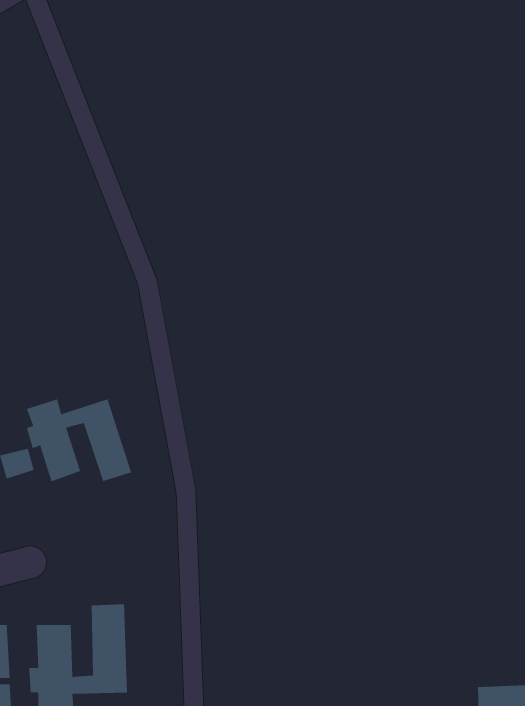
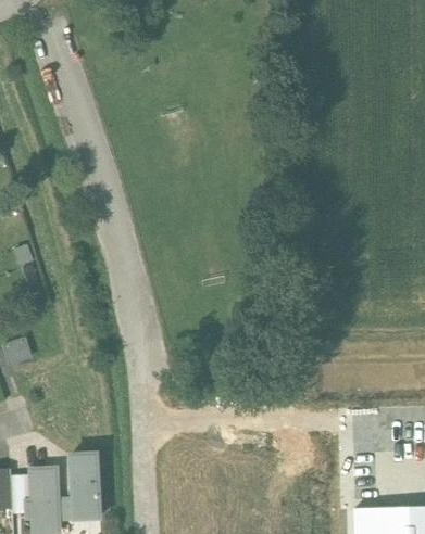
building: [26,399,132,482] -> none

